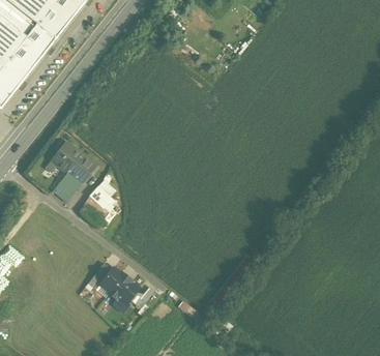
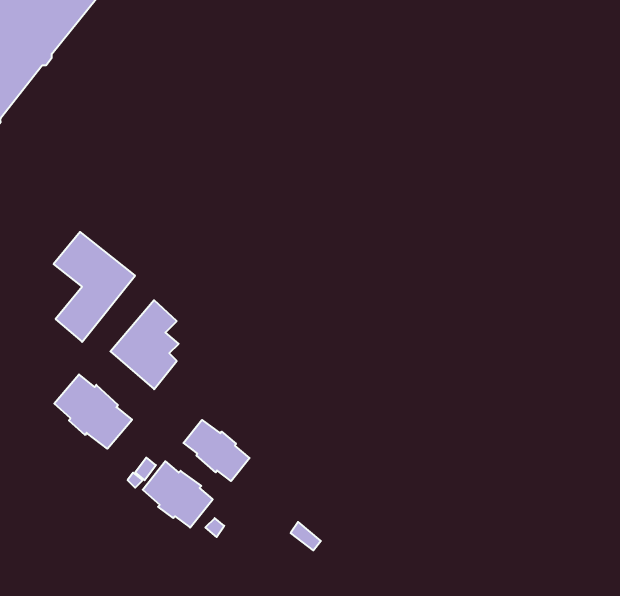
building: none -> [54,374,132,449]
building: none -> [183,420,250,481]

